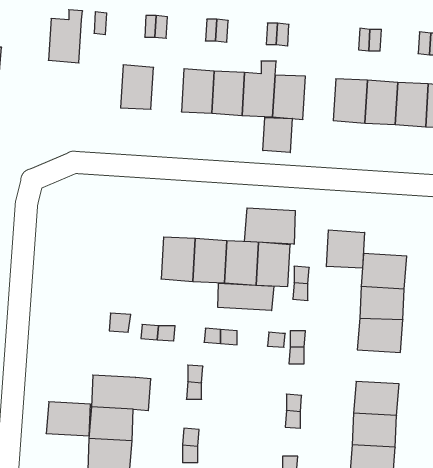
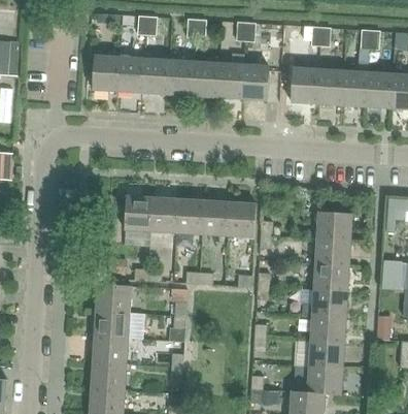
building: [48,10,83,63] -> [94,49,122,92]
building: none -> [143,59,170,95]
building: [263,117,292,153] -> none
building: [245,208,295,244] -> none
building: [326,230,365,268] -> none
building: none -> [125,195,154,231]
building: [218,283,274,311] -> none
building: none -> [302,289,346,317]
building: [46,402,90,436] -> [96,284,132,312]

